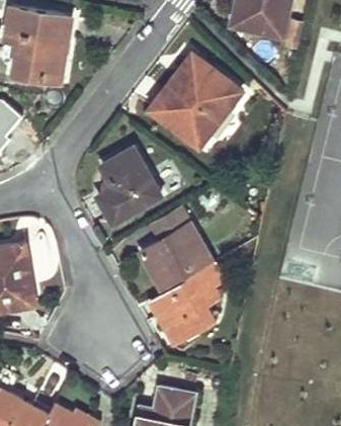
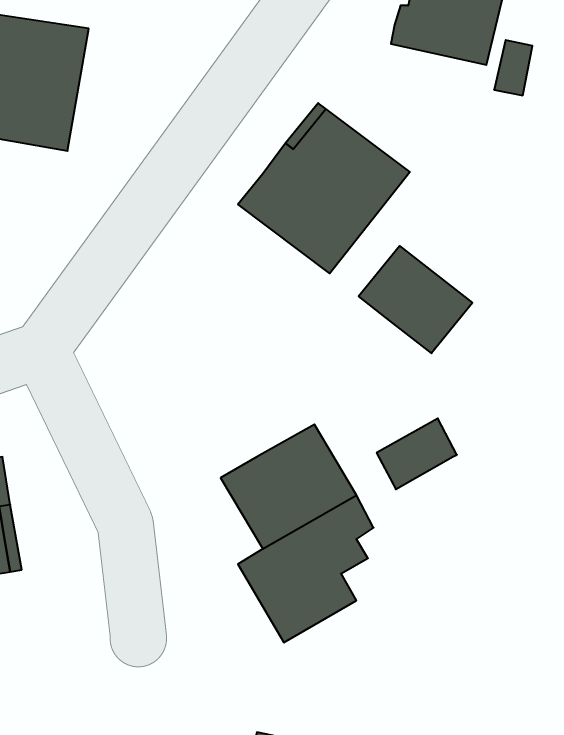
building: none -> [359,246,472,353]
building: [97,149,161,225] -> none
building: [150,207,192,245] -> [377,418,457,489]

